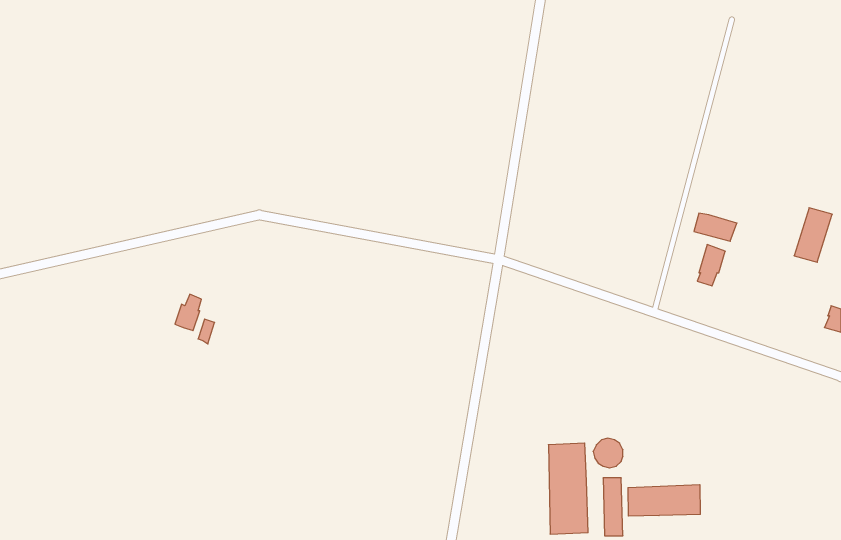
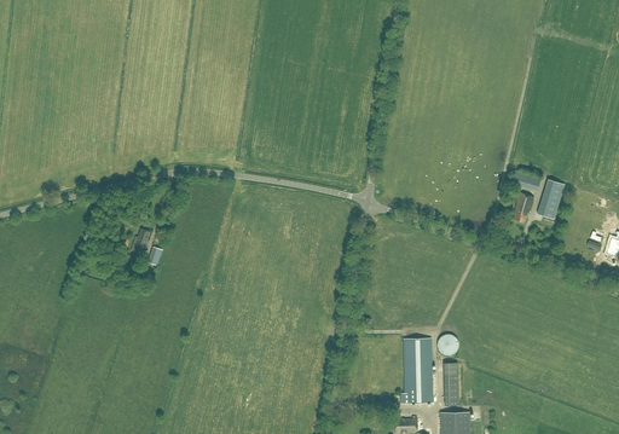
building: [794,208,832,262] -> [537,179,565,219]
building: [628,485,700,516] -> none

